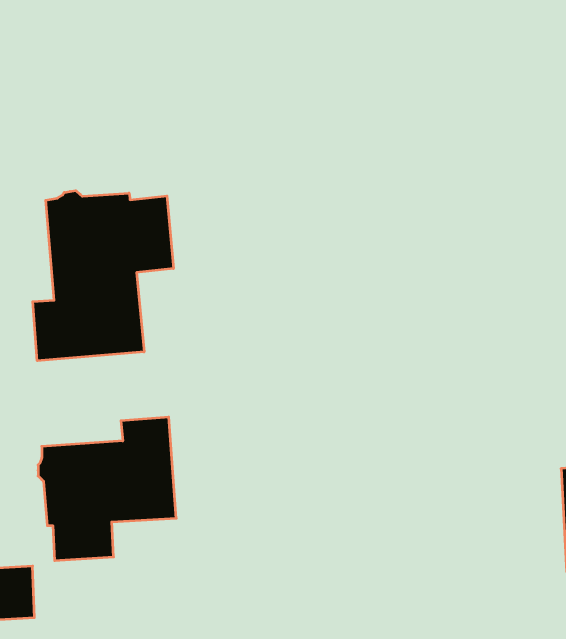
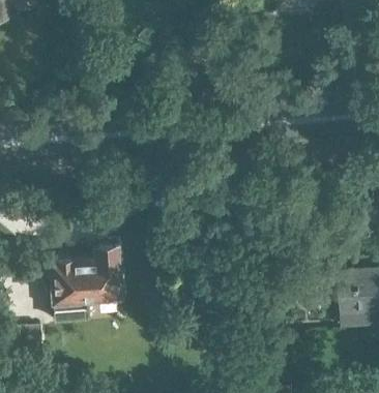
building: [33,191,173,361] -> none

